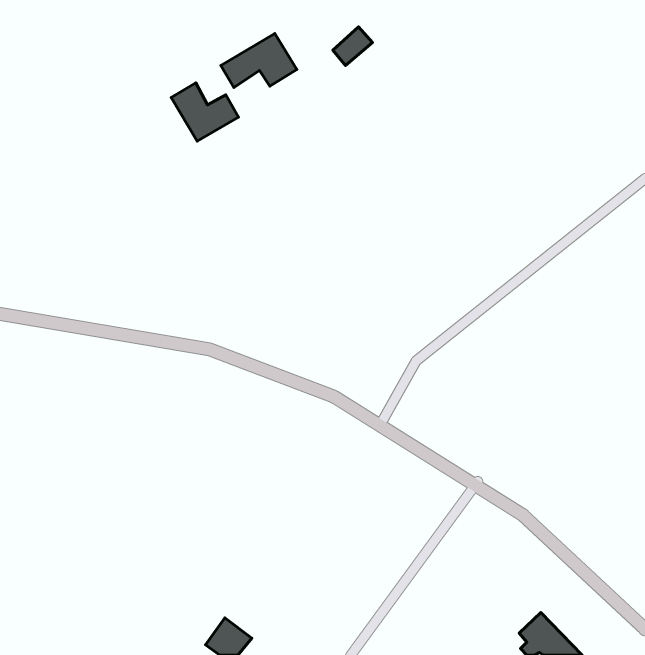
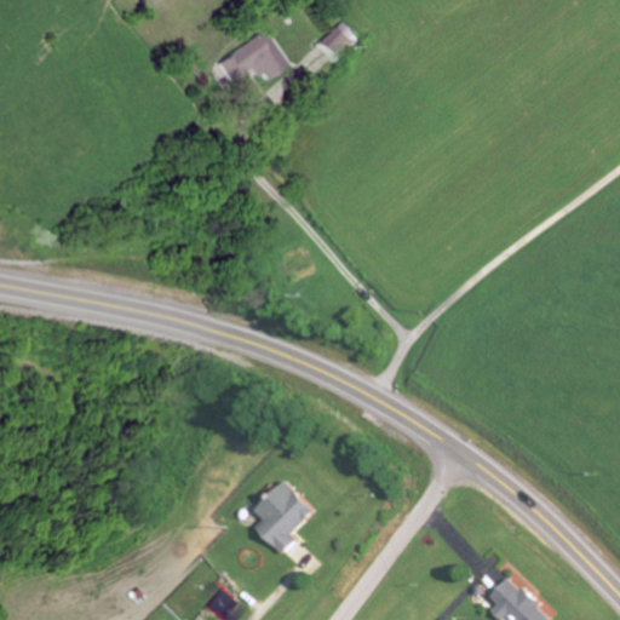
building: [171,83,238,141] -> none
building: none -> [256,482,316,555]

